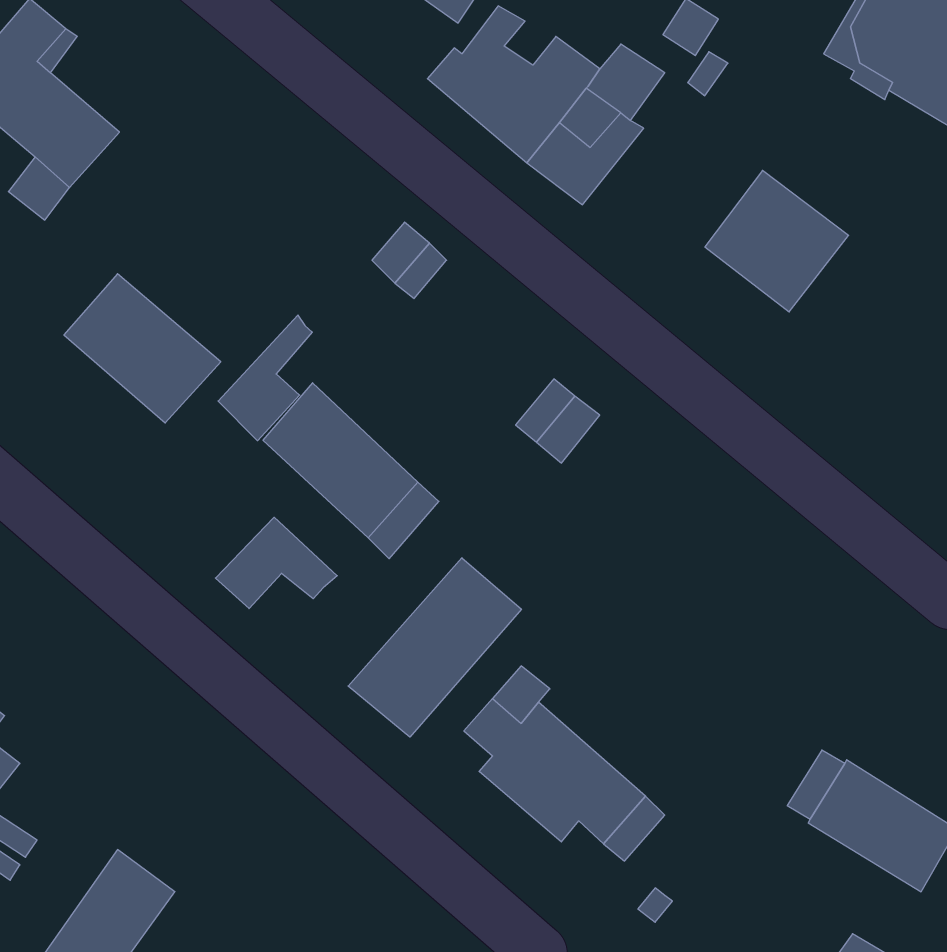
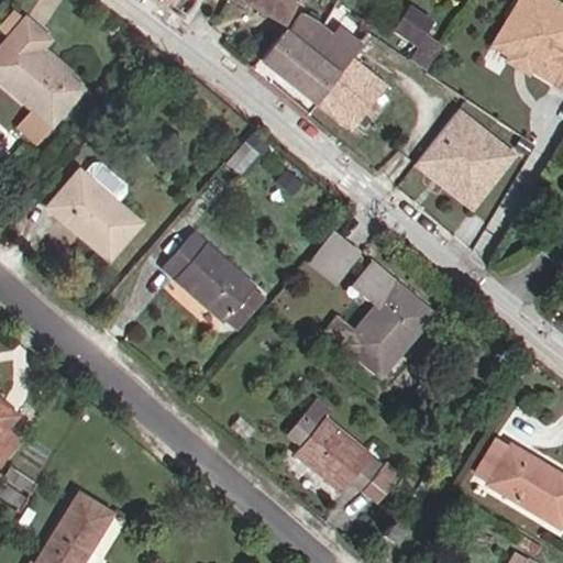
building: none -> [416,148,510,203]
building: [218,315,312,441] -> none
building: none -> [328,261,434,376]
building: [215,517,337,609] -> none
building: [348,558,521,737] -> none

